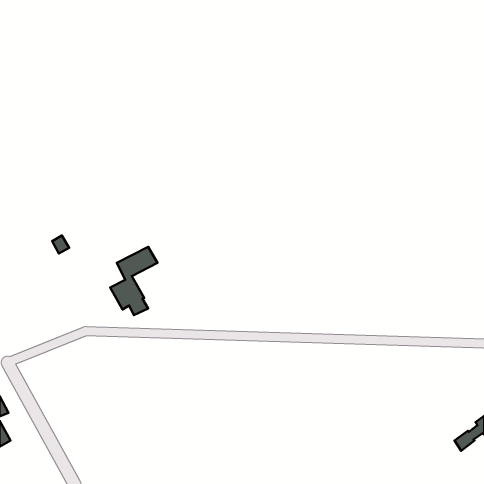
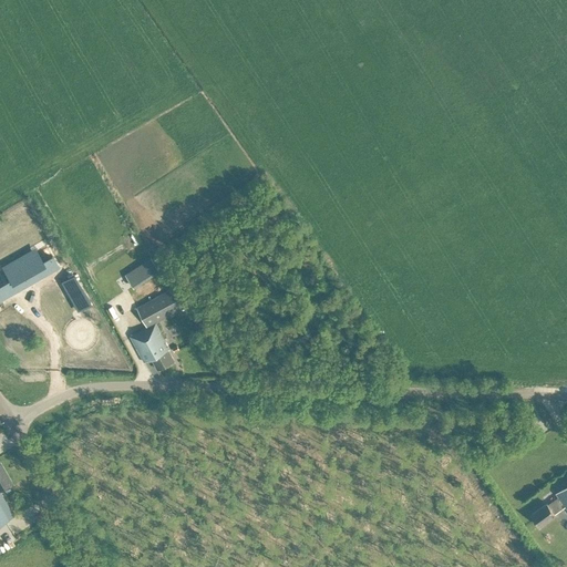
building: none -> [4,252,56,290]
building: none -> [124,258,159,289]

